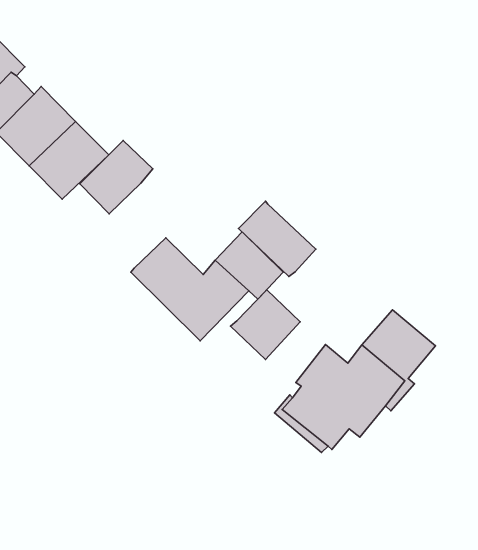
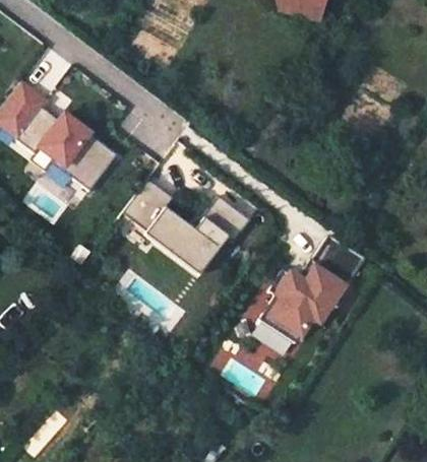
building: [80,140,153,214] -> [121,180,171,233]
building: [238,201,316,277] -> none
building: [231,290,300,359] -> none

